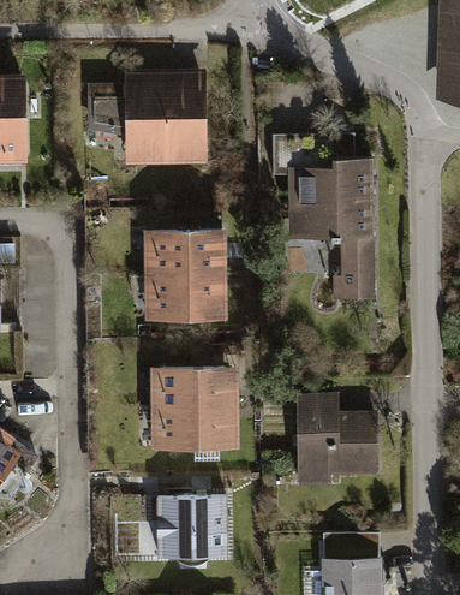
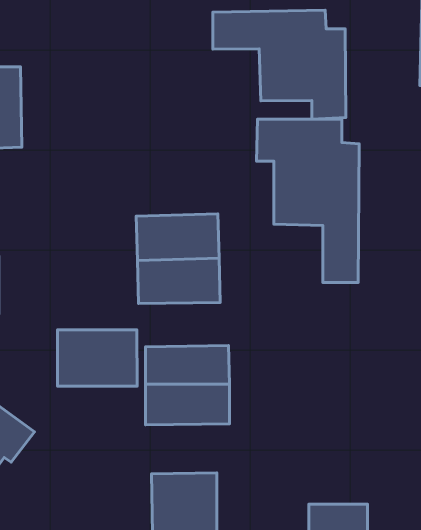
building: none -> [213,10,346,119]
building: [86,76,207,166] -> none
building: none -> [57,330,137,386]
building: [297,392,377,484] -> none

